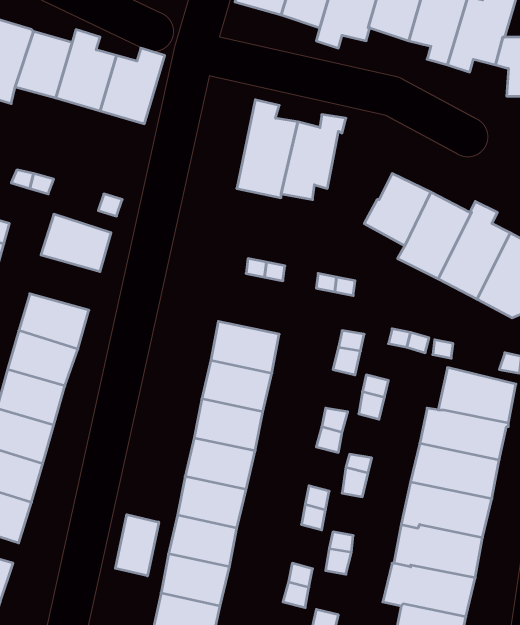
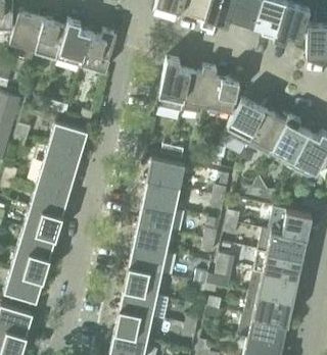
building: none -> [207,75,243,113]
building: none -> [43,144,82,174]
building: none -> [147,158,186,188]
building: [115,515,159,576] -> none

